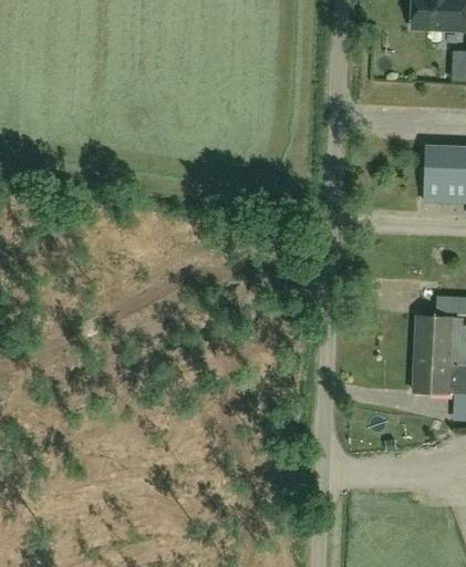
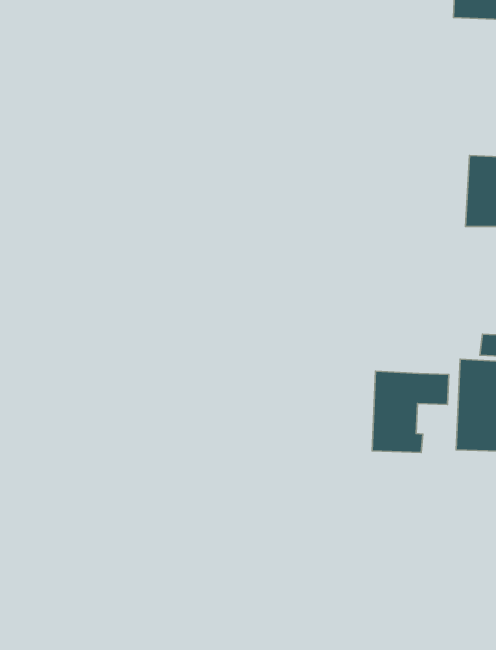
building: none -> [372,371,449,452]

